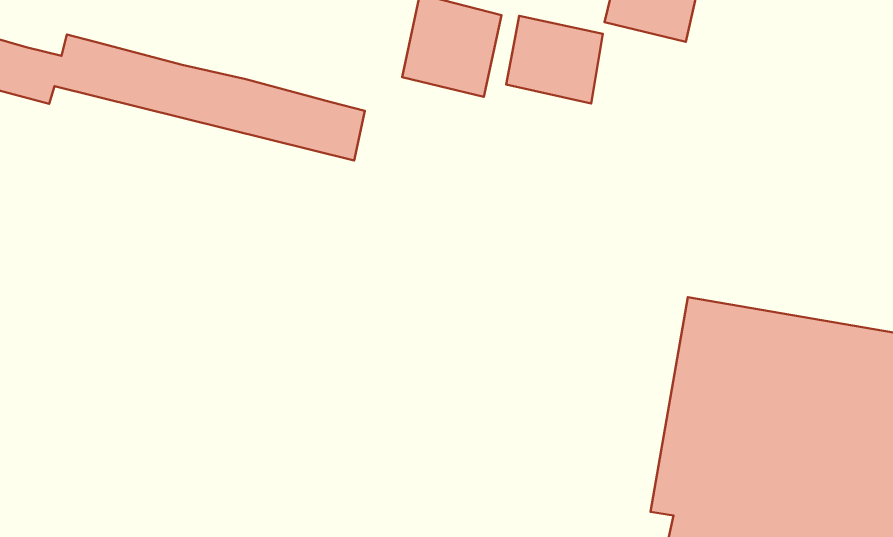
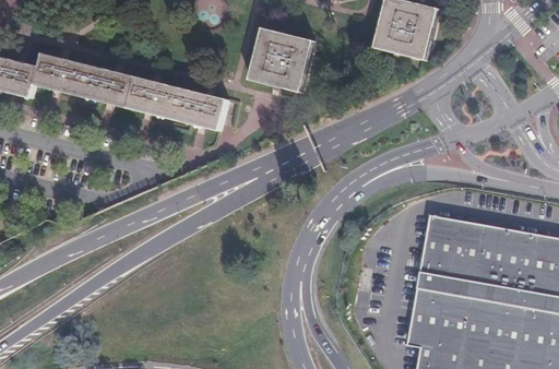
building: [506,16,603,103] -> none

